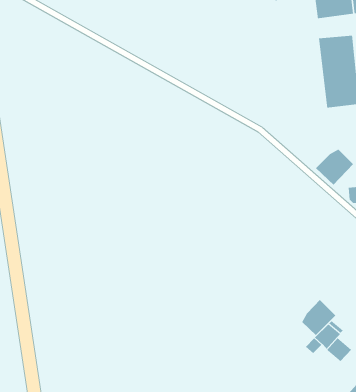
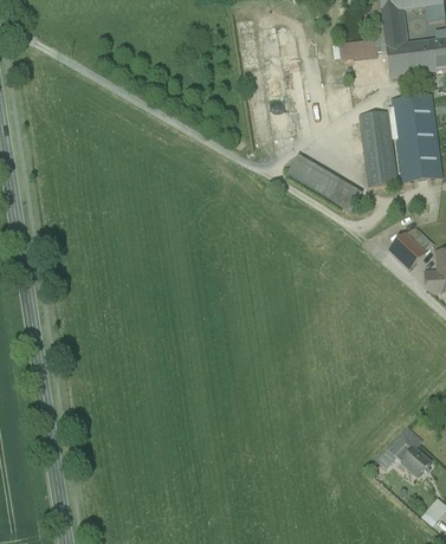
building: none -> [360,111,396,184]
building: none -> [287,154,361,208]
building: [302,299,336,336] -> none

